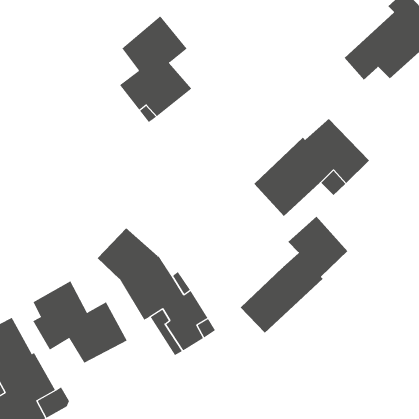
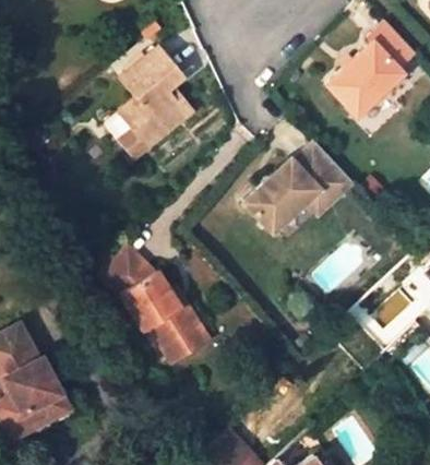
building: [240,216,348,333] -> none
building: [32,280,128,364] -> none

